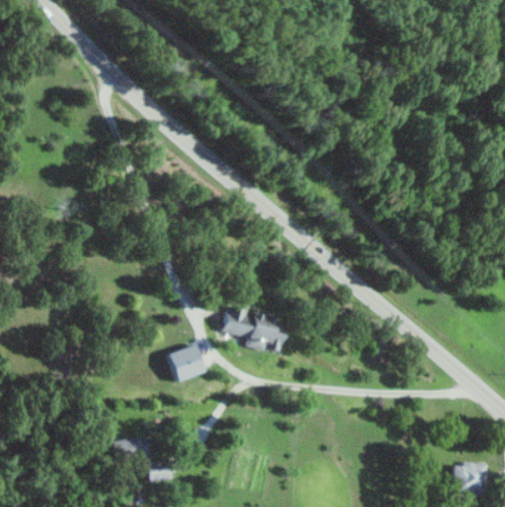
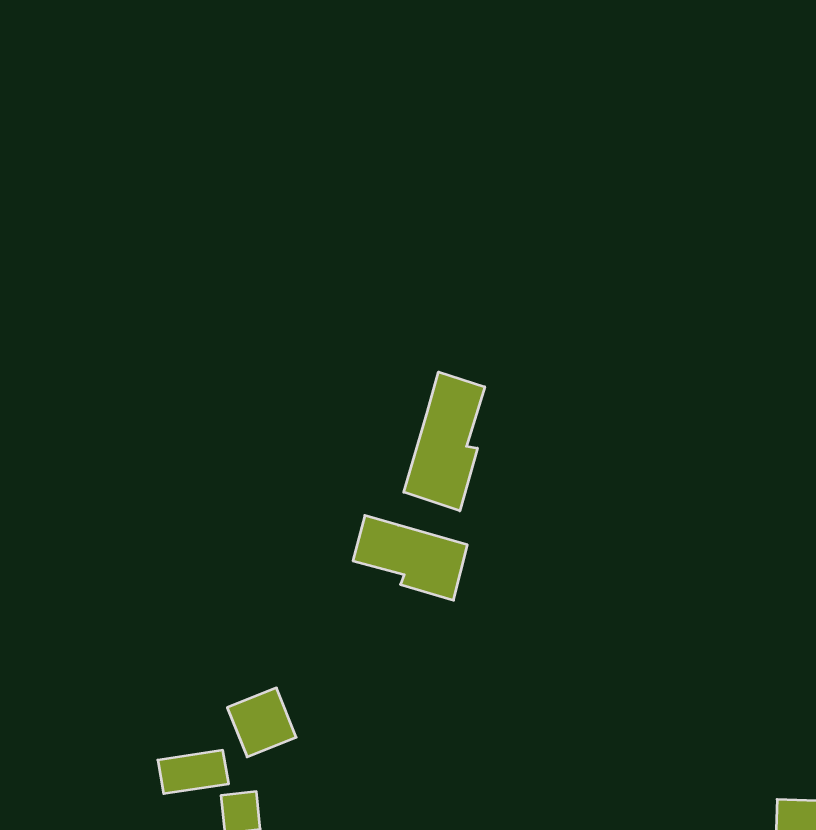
building: none -> [404,372,485,511]
building: [167,343,205,382] -> [227,688,296,757]

